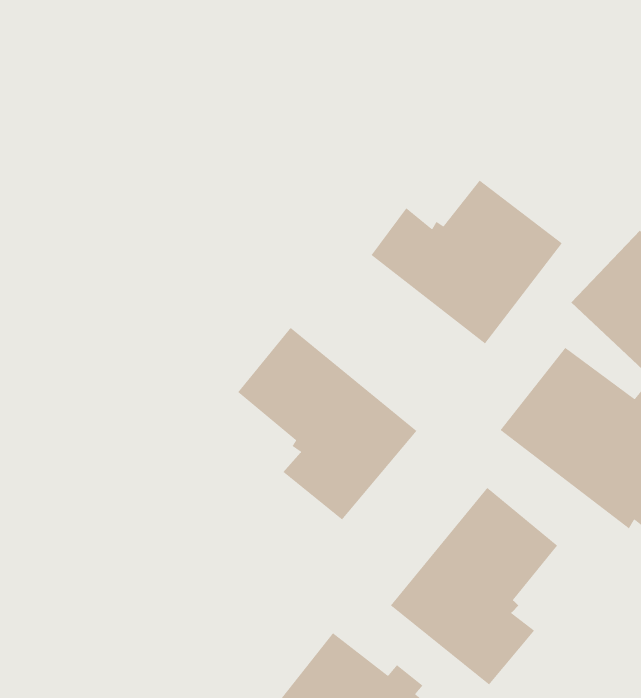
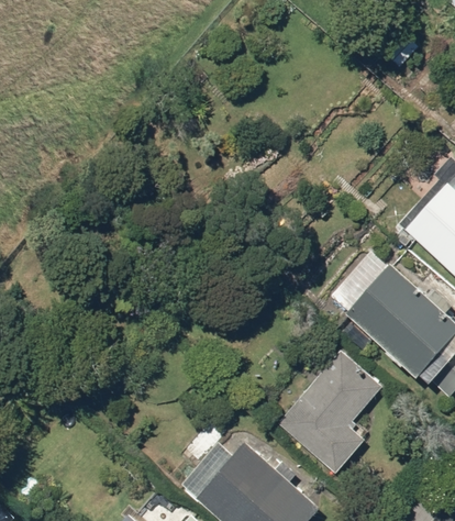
building: [370,179,563,344] -> none
building: [237,327,418,520] -> none

